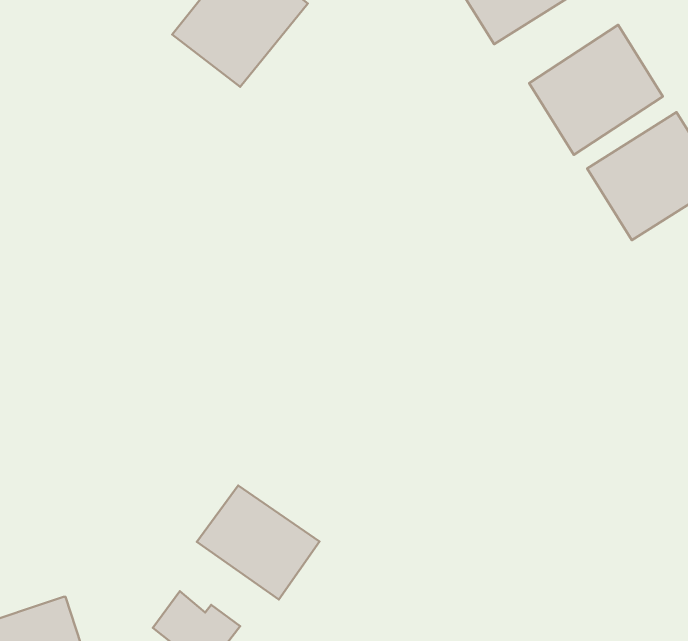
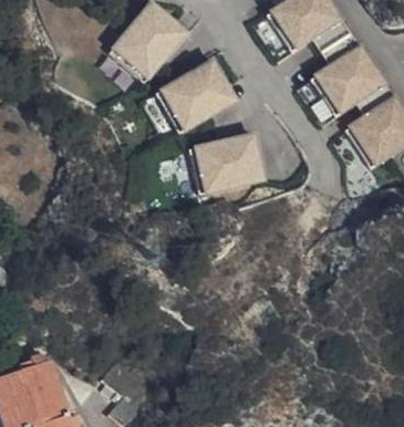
building: none -> [156,59,235,133]
building: none -> [191,132,262,192]
building: [197,485,320,600] -> none

